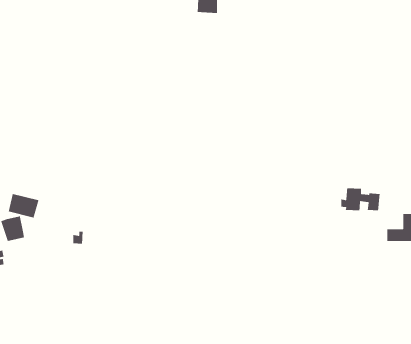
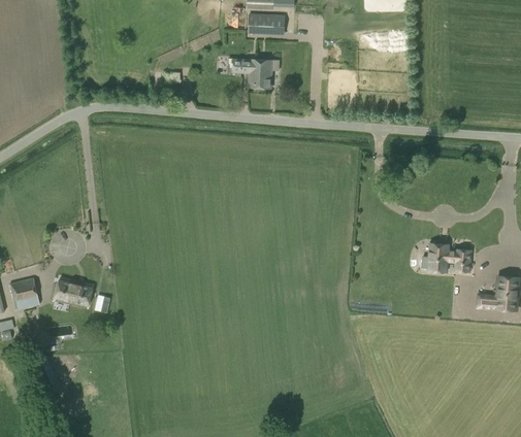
building: none -> [228,58,273,89]
building: [8,193,39,219] -> [56,277,94,308]

